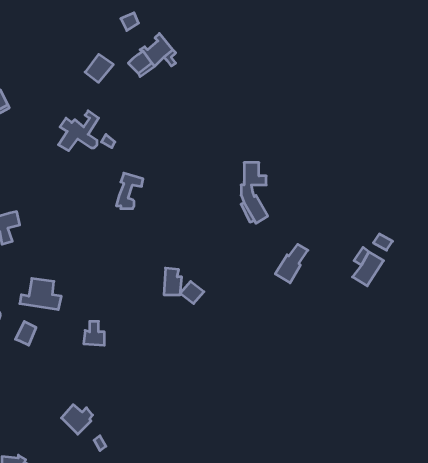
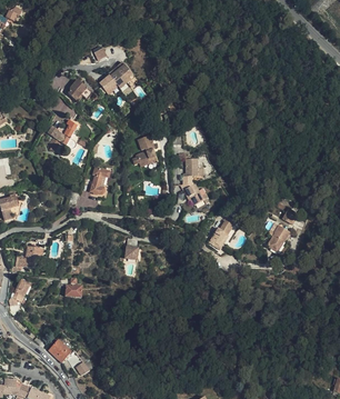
building: none -> [131,134,158,168]

